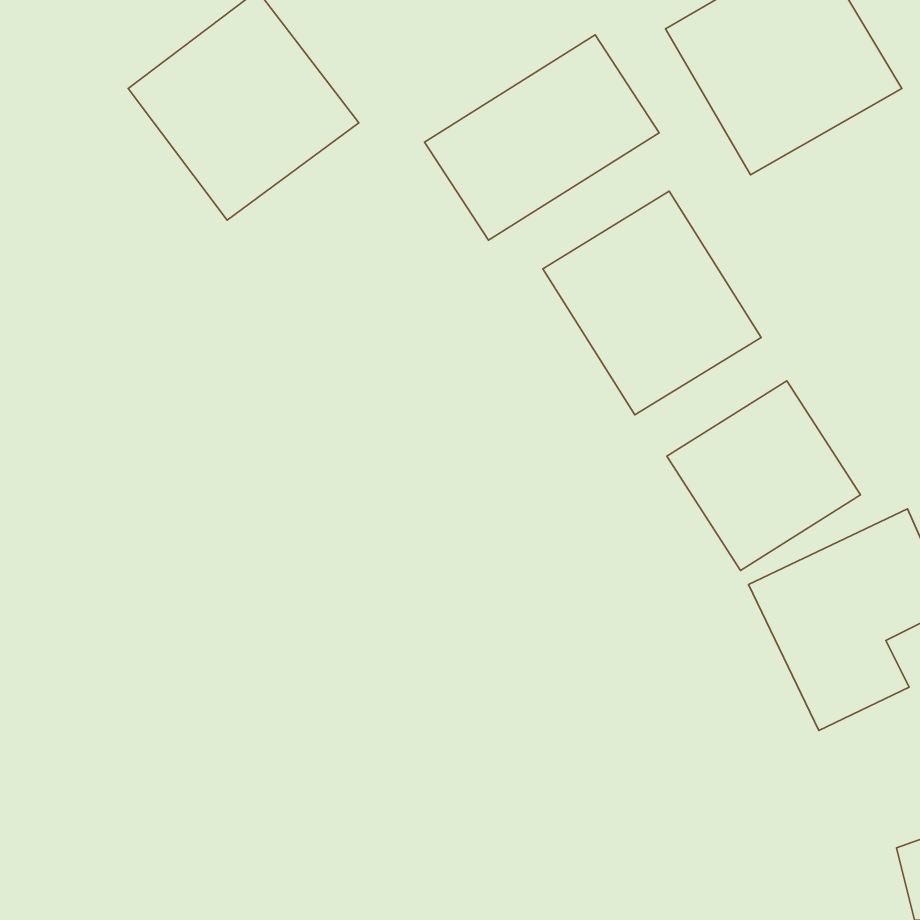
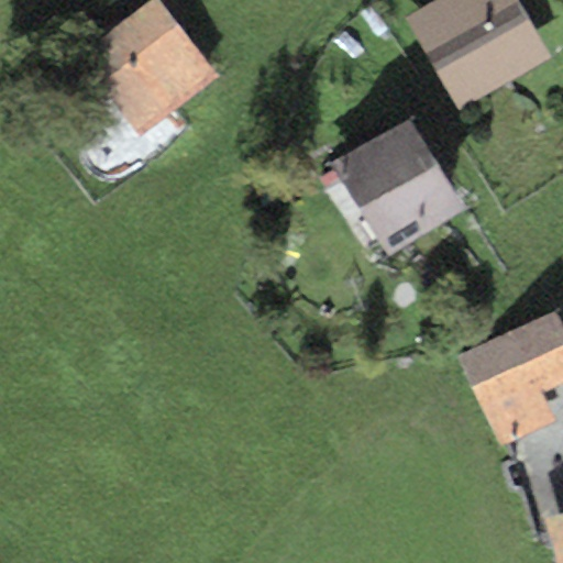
building: [425,35,659,240] -> none
building: [667,381,861,571] -> none

